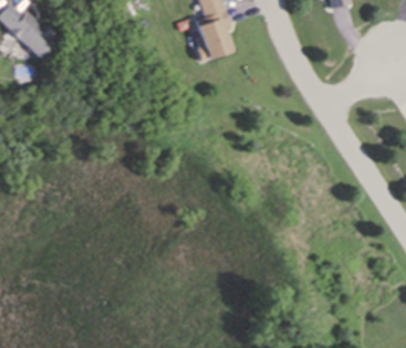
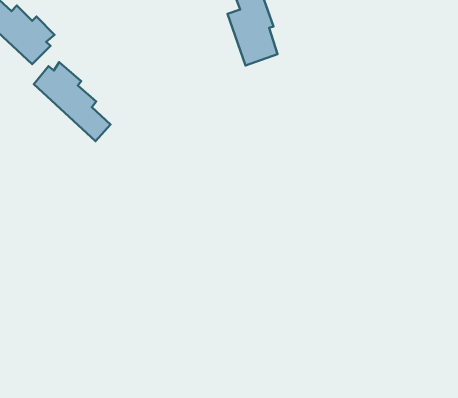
building: none -> [34,62,111,141]

